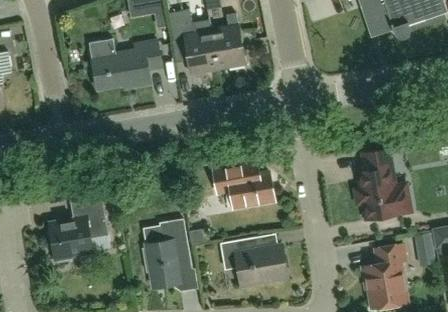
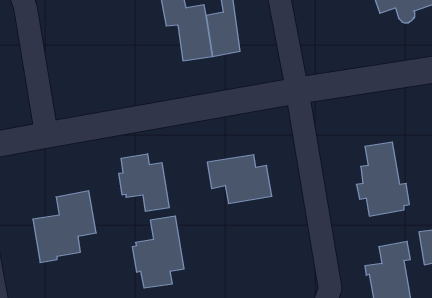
building: [89,39,162,89] -> none
building: none -> [119,154,169,211]
building: [220,237,287,285] -> none

